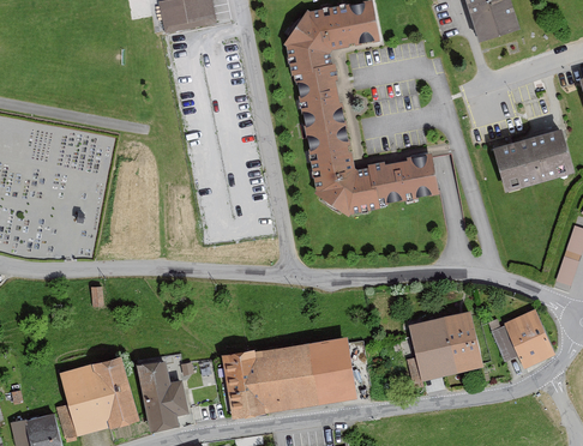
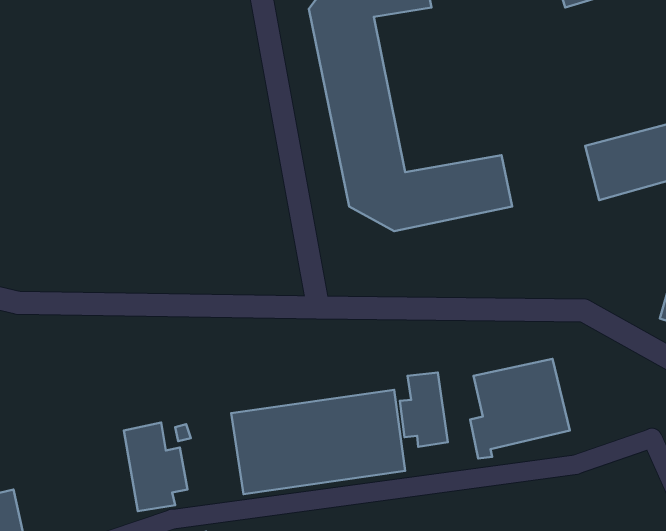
building: [491,311,552,367] -> none
building: none -> [400,373,448,447]
building: [59,356,138,436] -> none

